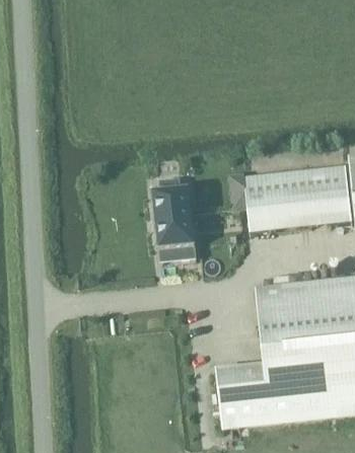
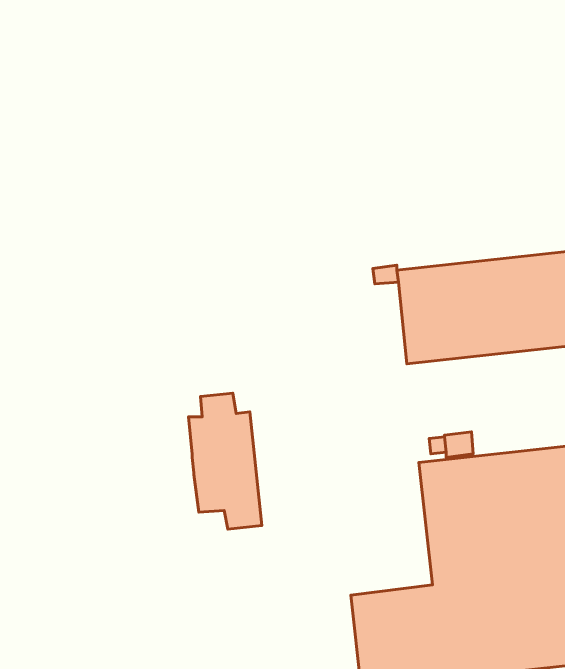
building: [153,179,197,260] -> [189,393,262,529]

